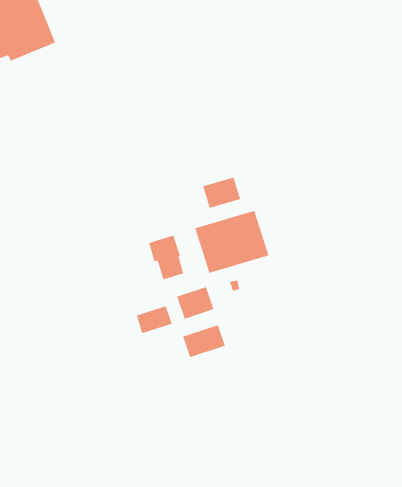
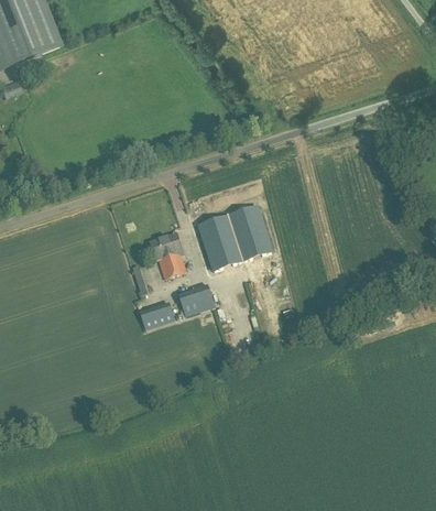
building: [202,176,241,209] -> none
building: [182,324,226,358] -> none

